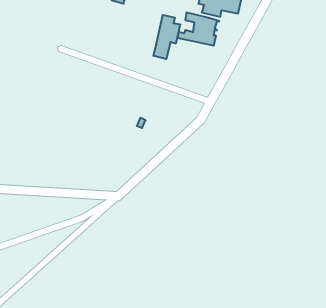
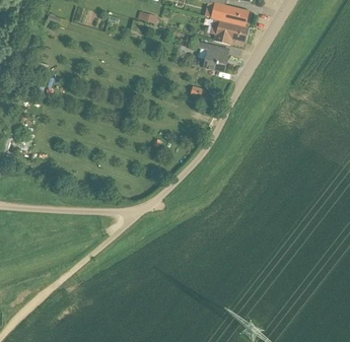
building: [153,15,180,59] -> none

